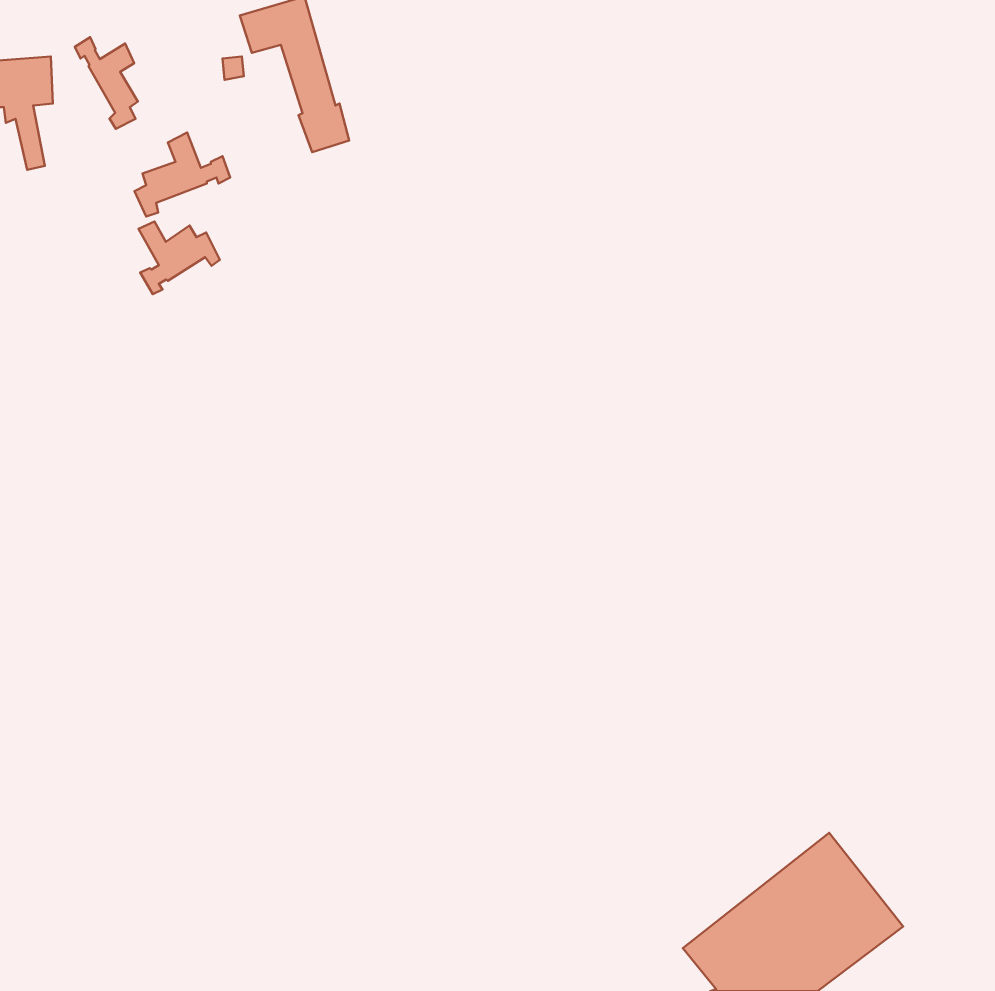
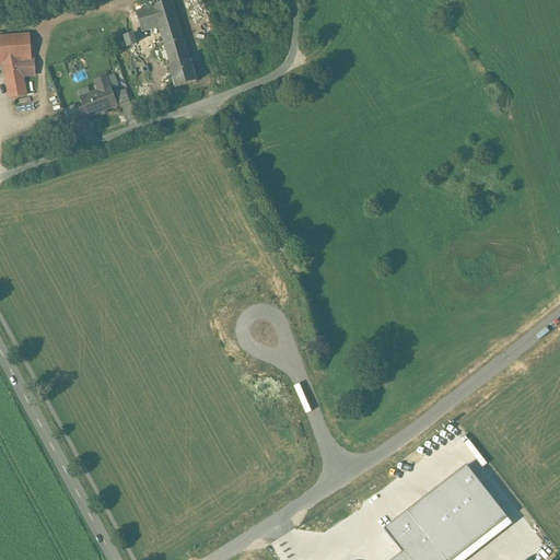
building: [75,37,138,129] -> none
building: [139,222,220,294] -> none

